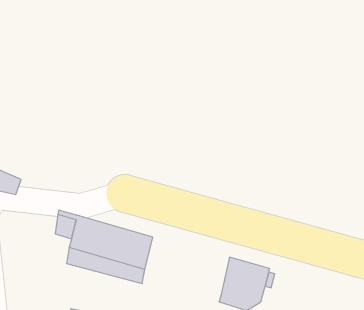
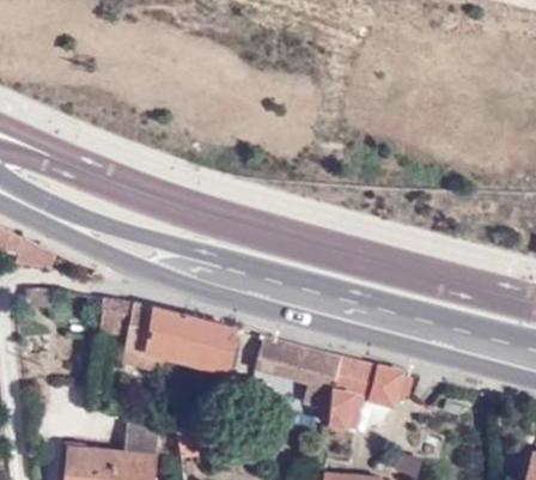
building: none -> [255,336,342,409]

